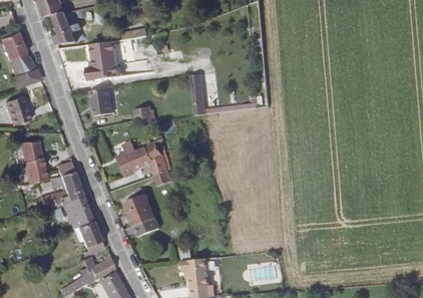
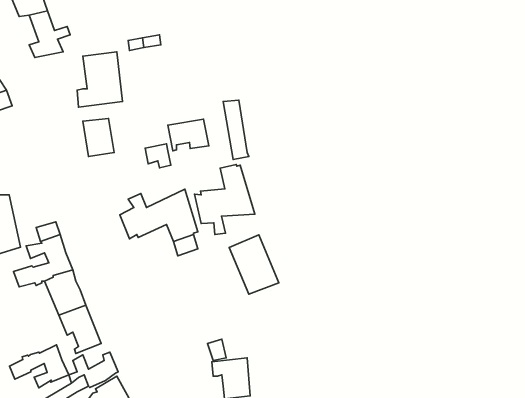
building: none -> [168,119,209,151]
building: none -> [194,165,255,234]
building: [124,195,159,237] -> [229,235,279,294]
building: none -> [10,345,69,388]

